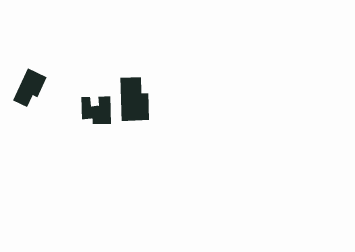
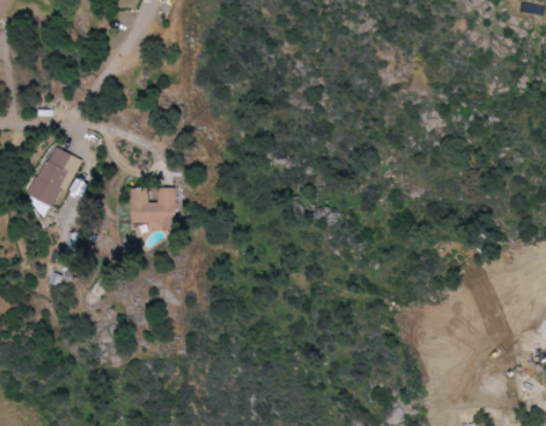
building: [120,76,150,122] -> none

